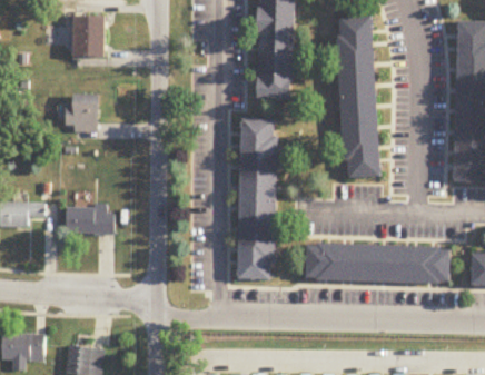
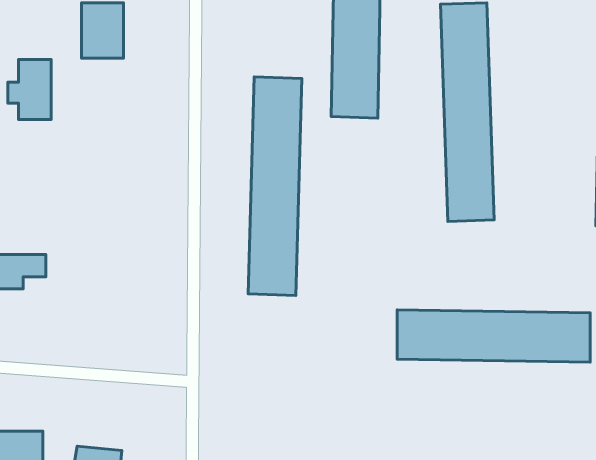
building: [65,93,97,138] -> [8,60,51,120]
building: [237,118,277,280] -> [248,77,302,295]
building: [65,206,113,235] -> none

